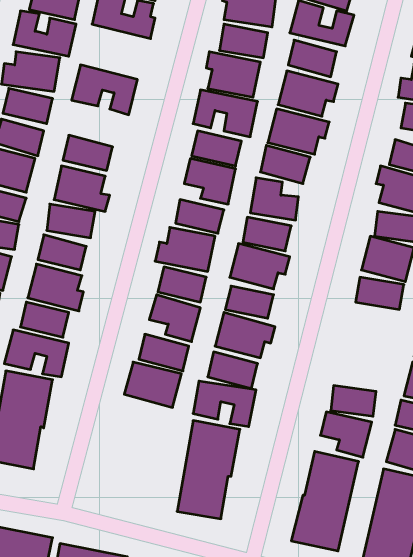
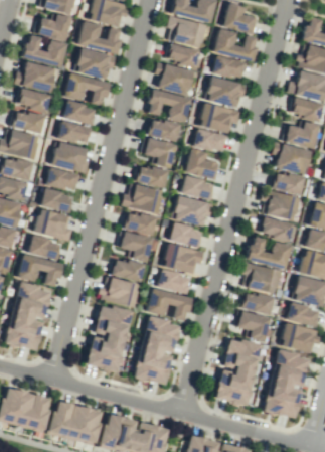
building: none -> [76,47,117,78]
building: none -> [62,100,97,125]
building: none -> [249,236,291,266]
building: none -> [242,262,281,293]
building: none -> [88,304,131,371]

